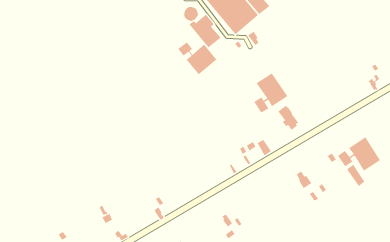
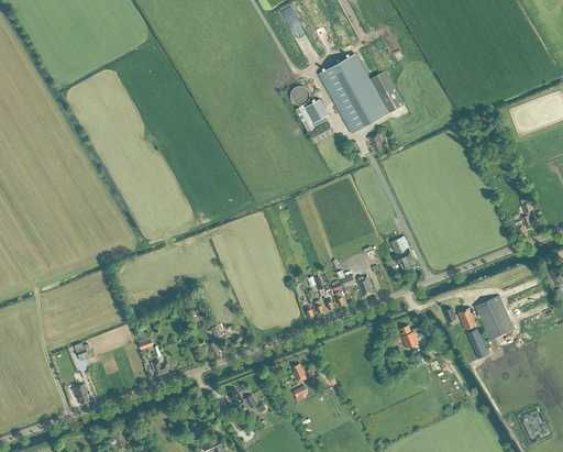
building: [177,41,217,75] -> none
building: [254,72,288,114] -> none

